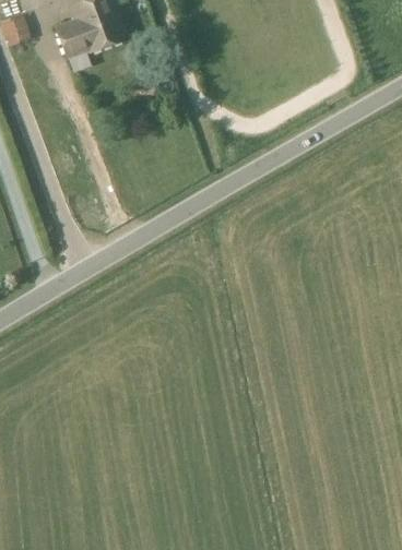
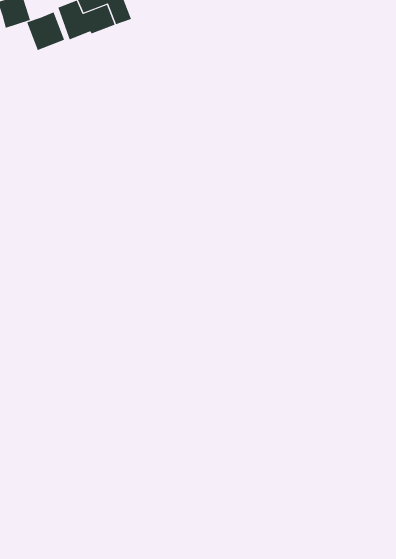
building: none -> [27,11,65,51]

